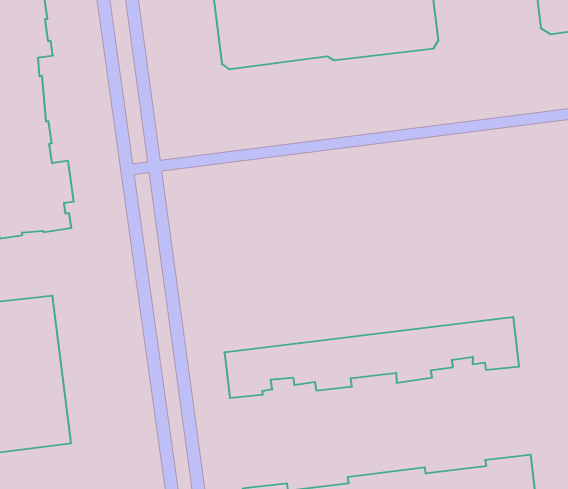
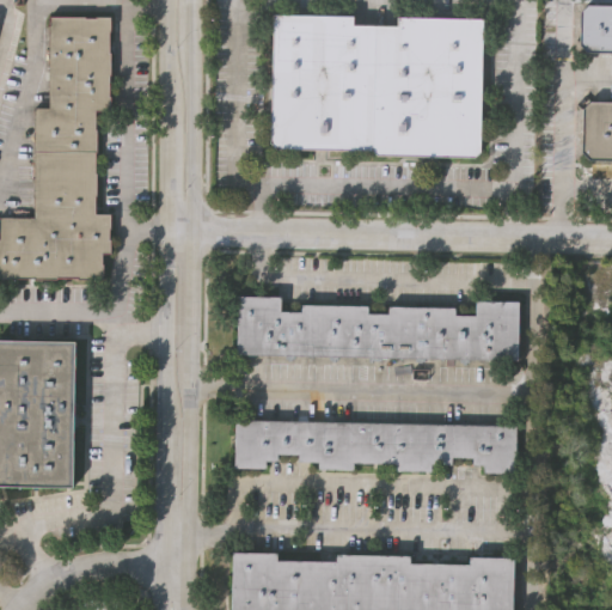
building: none -> [238,299,520,359]

